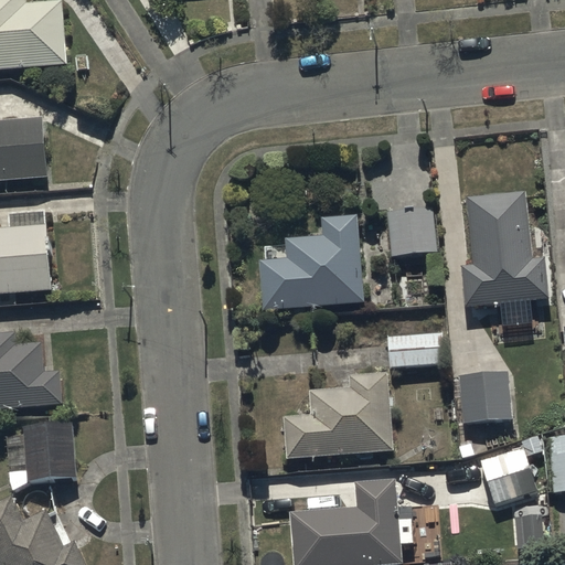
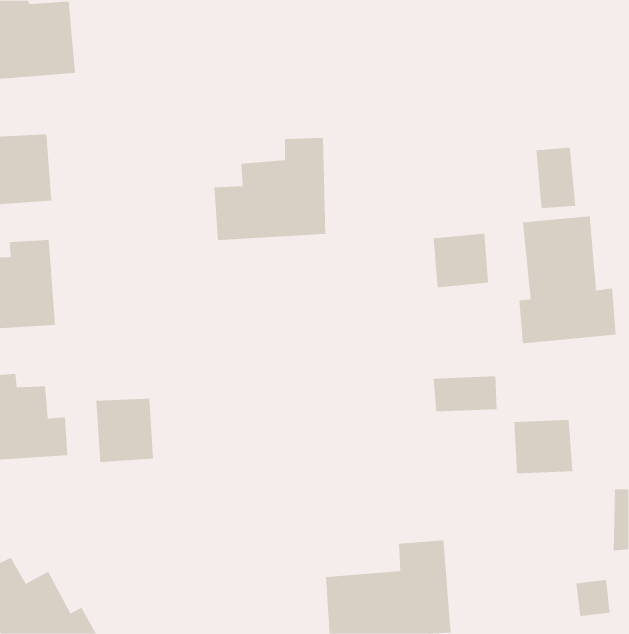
building: none -> [536,147,576,209]
building: [259,216,360,308] -> [213,138,326,241]
building: [285,371,395,458] -> none
building: [22,423,74,480] -> [96,398,154,463]
building: [478,447,534,505] -> none

